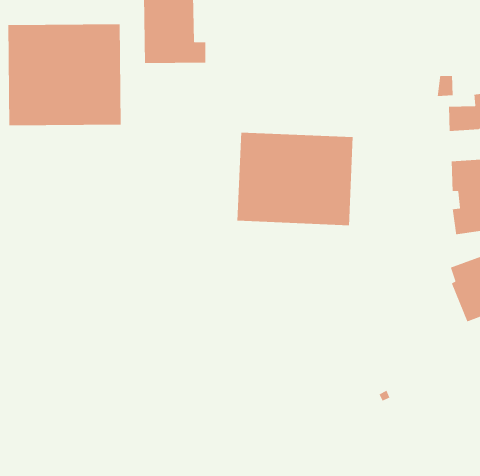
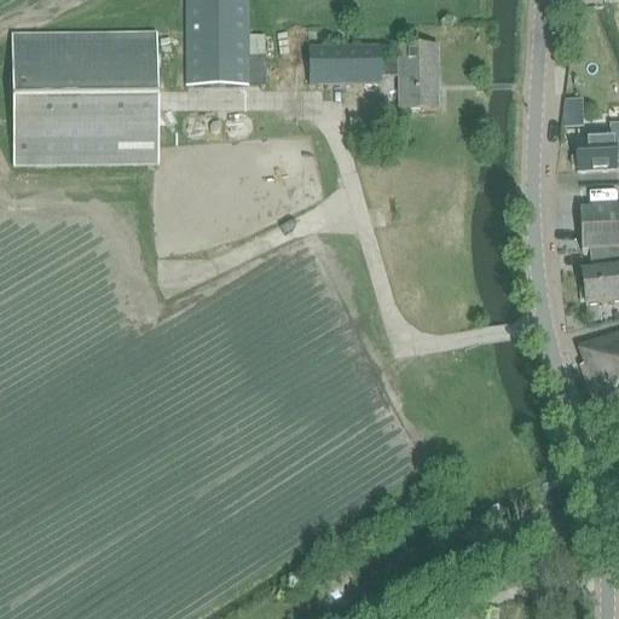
building: none -> [310,40,439,108]
building: [237,132,354,226] -> none

